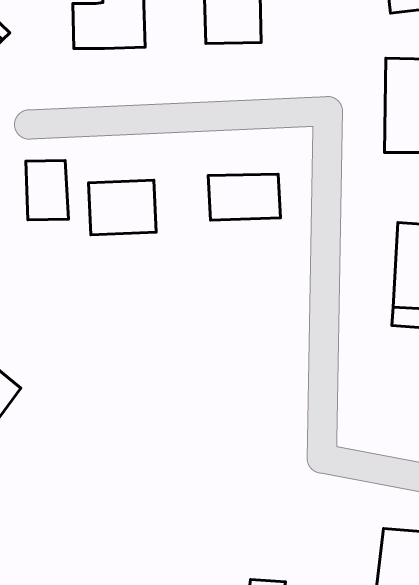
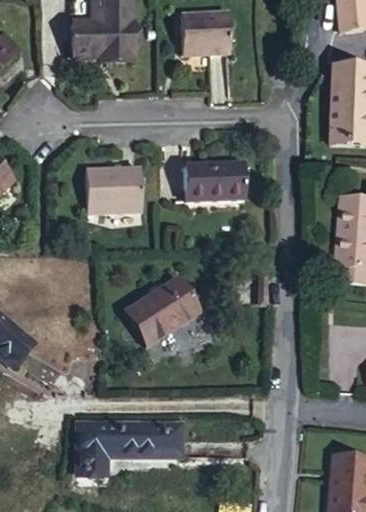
building: [26,160,69,220] -> none
building: none -> [122,275,196,344]
building: none -> [81,424,182,472]

